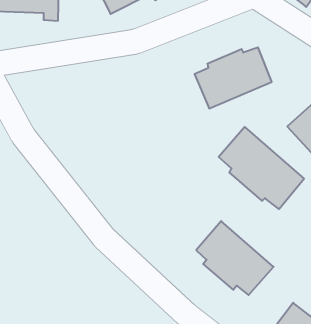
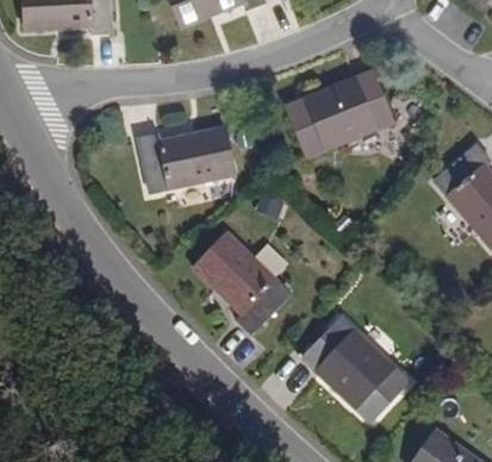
building: none -> [144,126,241,187]
building: [219,127,304,209] -> none
building: none -> [201,225,297,329]

